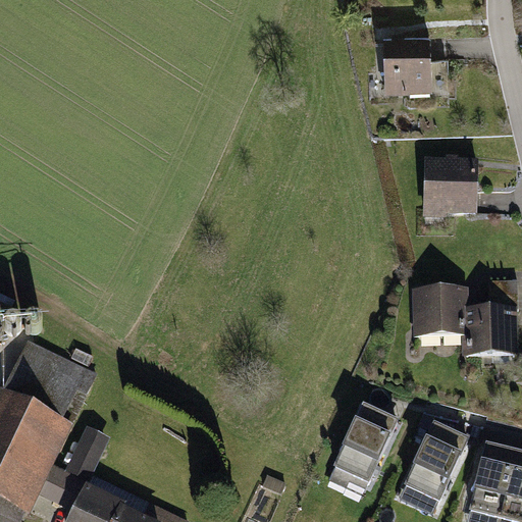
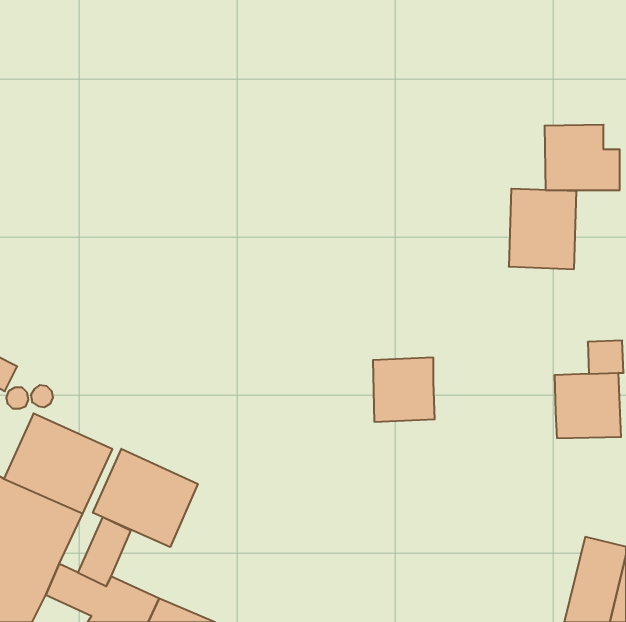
building: [383,35,446,89] -> [544,125,620,190]
building: [408,290,459,343] -> [373,358,435,422]
building: none -> [93,449,198,547]
building: [332,405,401,487] -> none
building: [404,422,472,506] -> none

